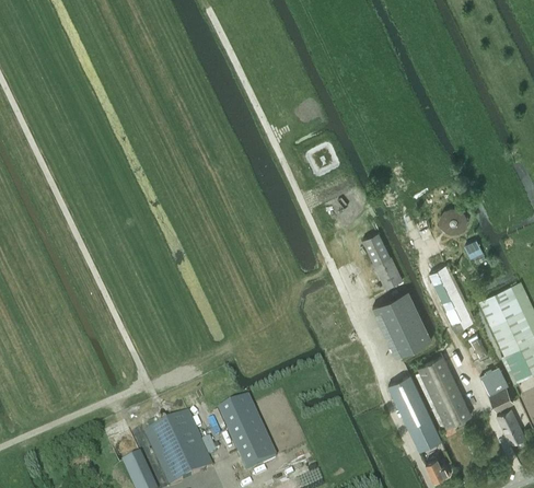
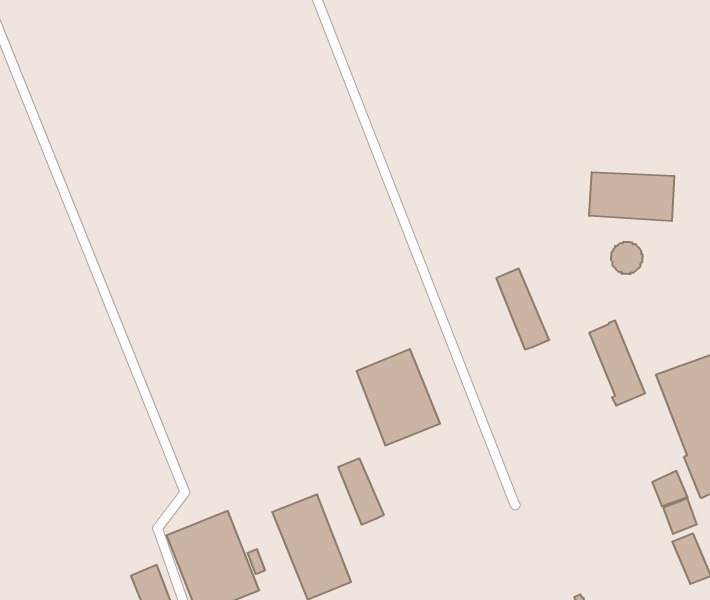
building: none -> [589,172,674,221]
building: [372,290,432,358] -> [357,349,440,445]
building: [418,356,472,428] -> none
building: none -> [338,458,384,525]
building: [388,376,441,451] -> none

